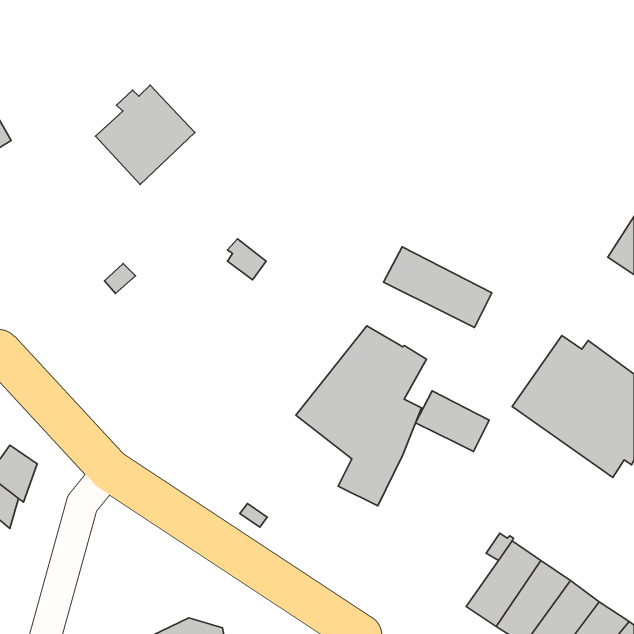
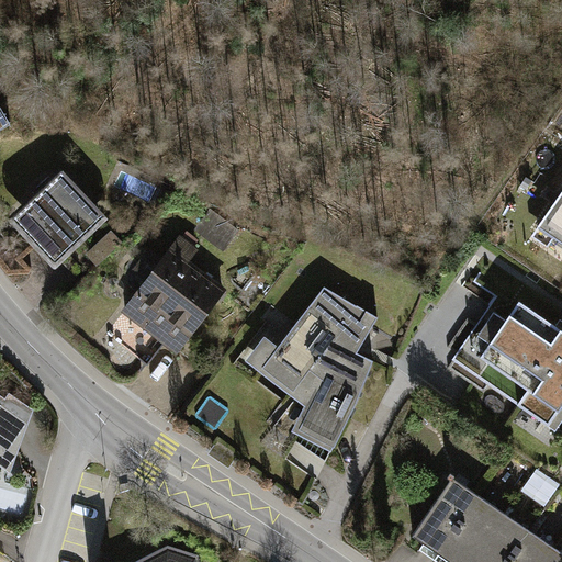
building: [95,85,195,185] -> [14,175,102,262]
building: [384,247,492,328] -> none
building: none -> [124,239,223,351]
building: [416,391,489,452] -> none

